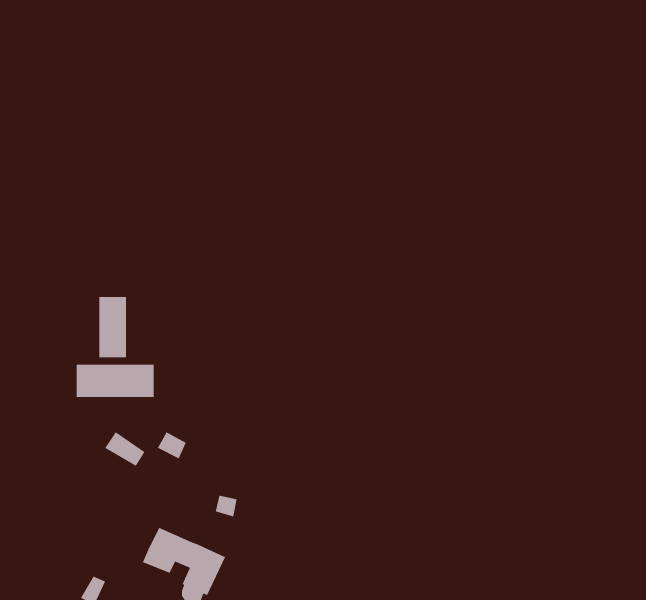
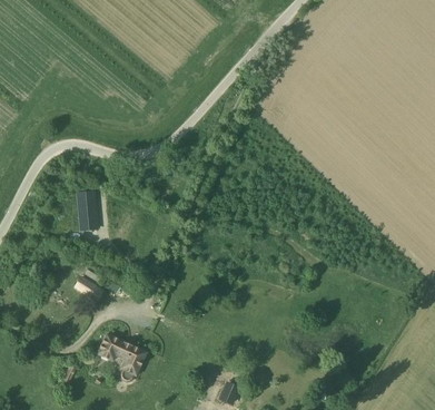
building: [76,364,154,398] -> none

